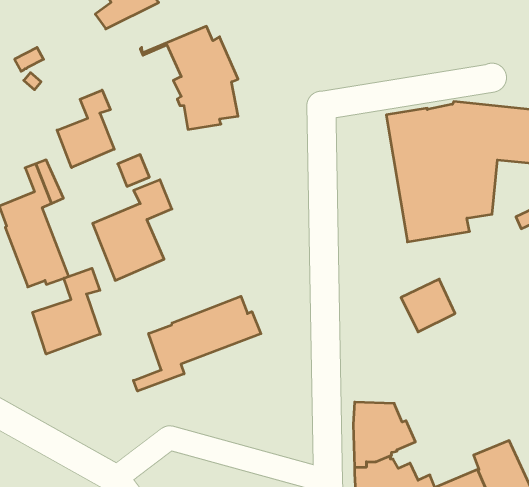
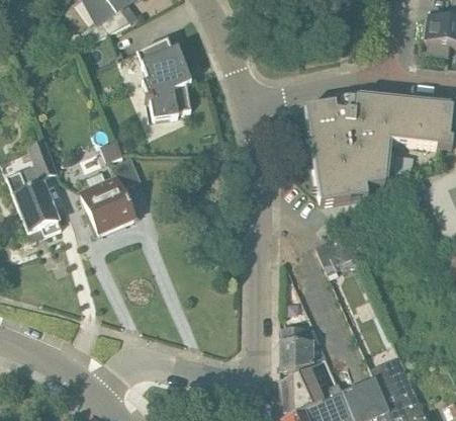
building: [57,90,114,168] -> none
building: [33,268,100,354] -> none
building: [133,296,261,391] -> none

